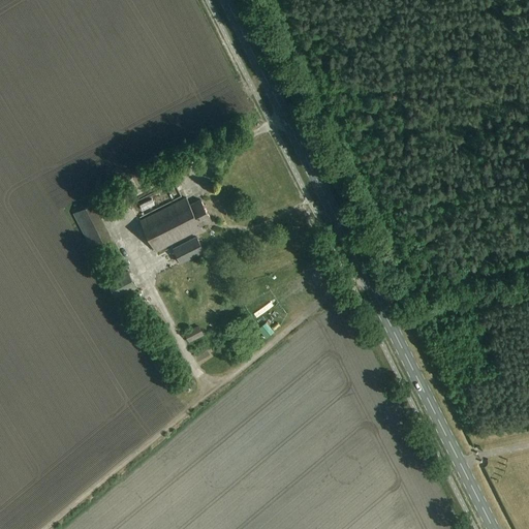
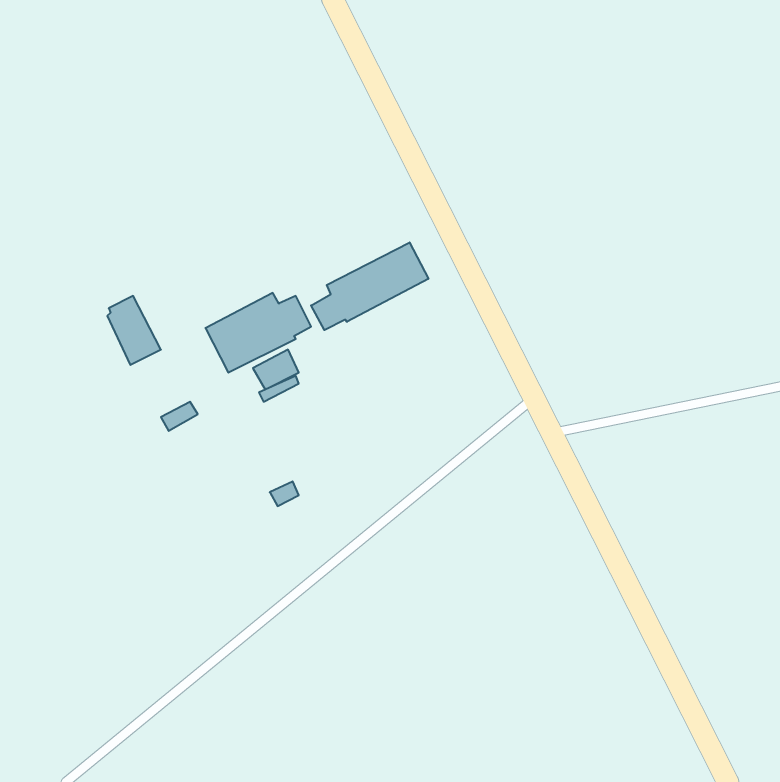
building: none -> [311,242,428,330]

